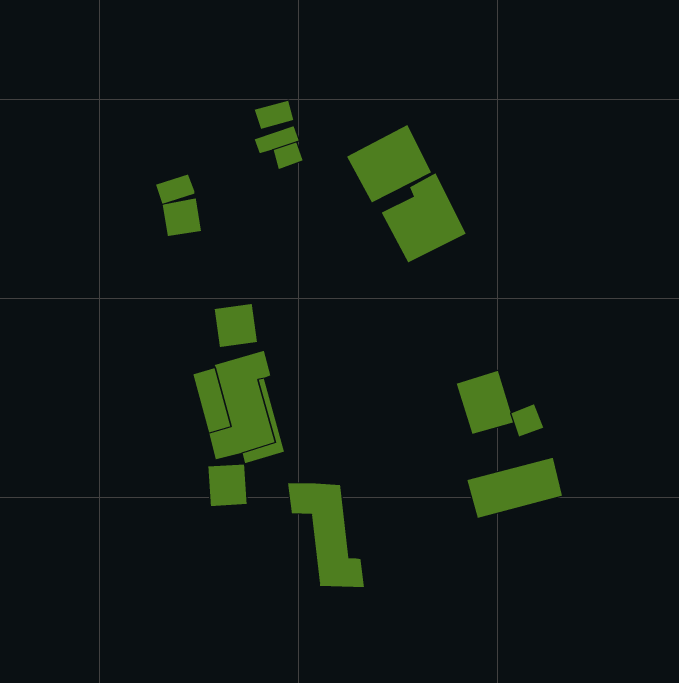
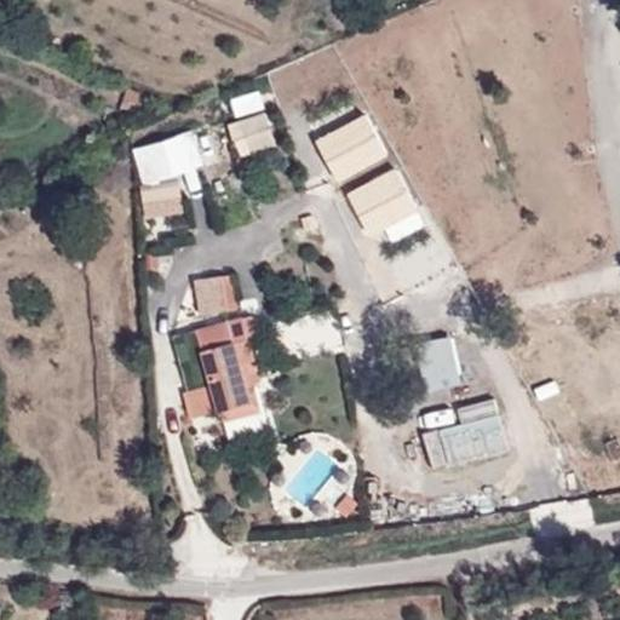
building: none -> [134,131,200,173]
building: [208,464,247,507] -> none
building: [287,482,364,588] -> none

